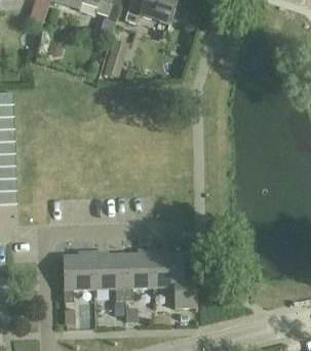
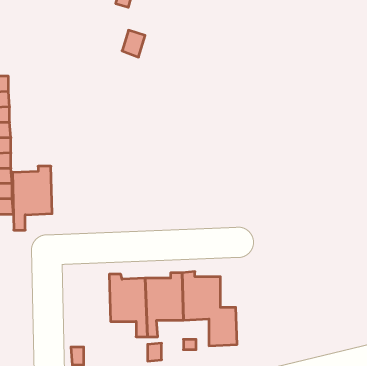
building: [64,250,95,302] -> [13,166,52,230]

